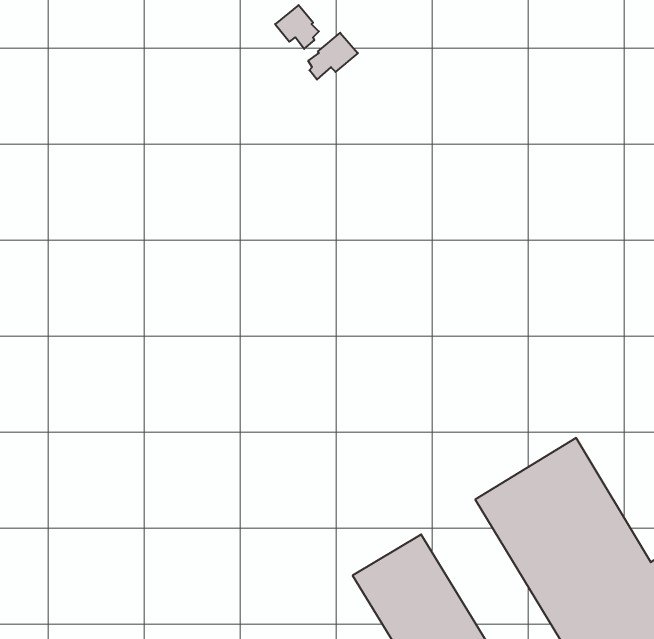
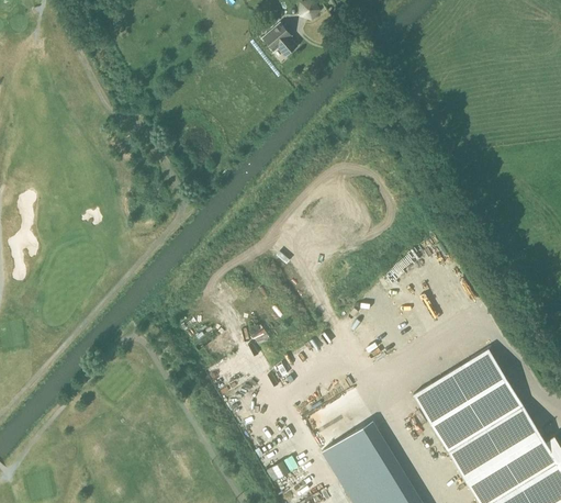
building: [308,33,358,80] -> none

